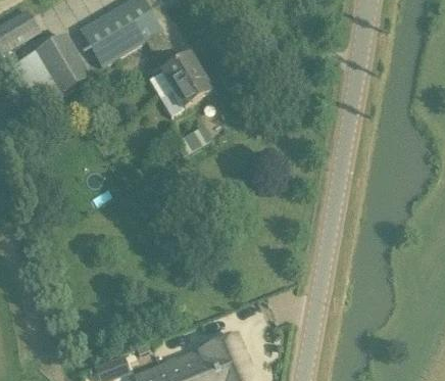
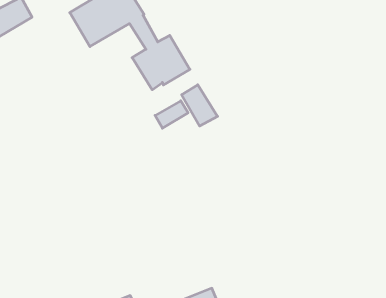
building: [8,33,92,109] -> none
building: none -> [182,85,218,126]

